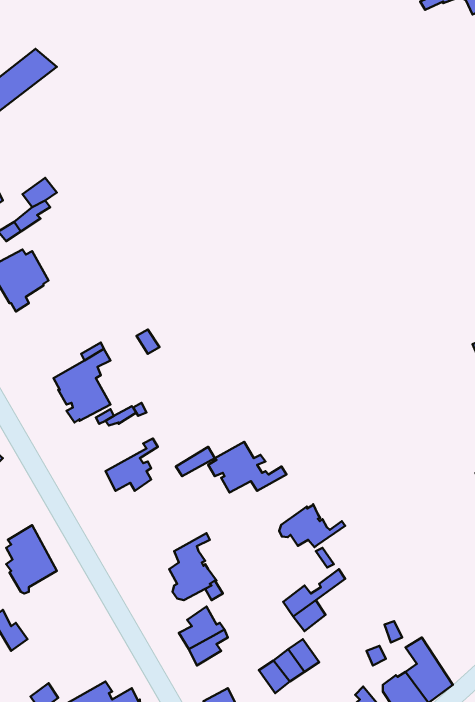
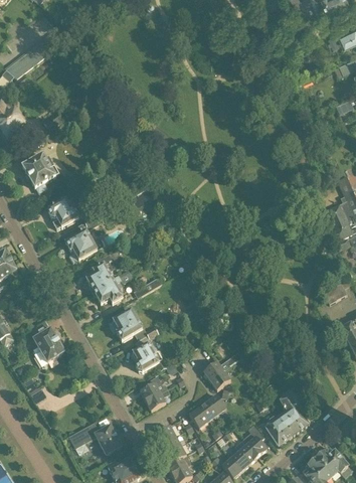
building: none -> [48,196,79,227]
building: none -> [86,263,120,291]
building: [208,442,287,492] -> [109,309,157,340]
building: [279,504,345,547] -> none

